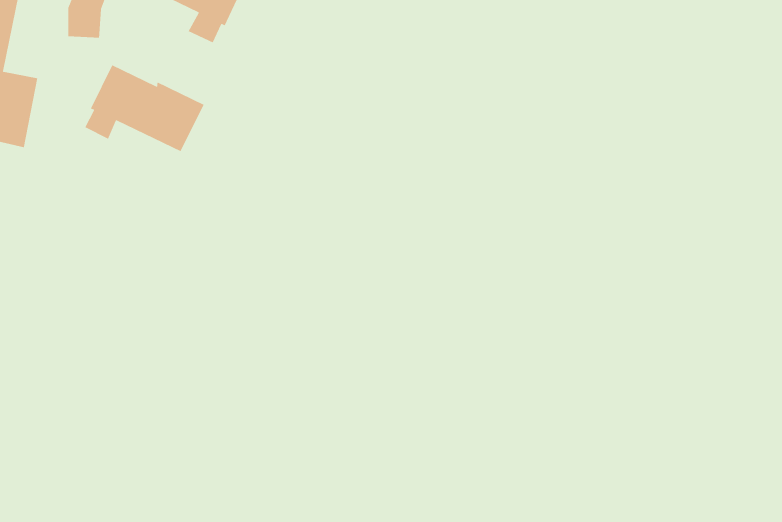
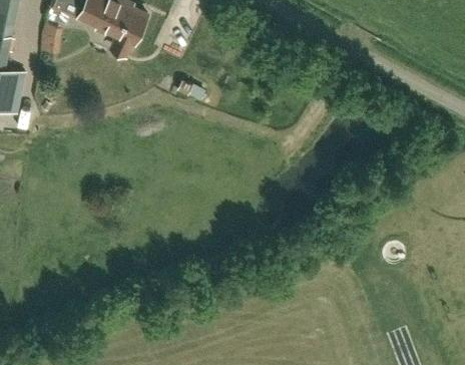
building: [84,64,205,152] -> none

